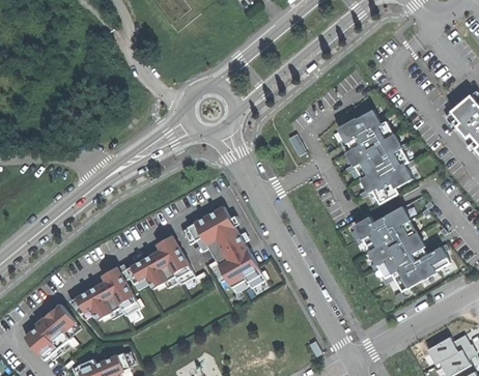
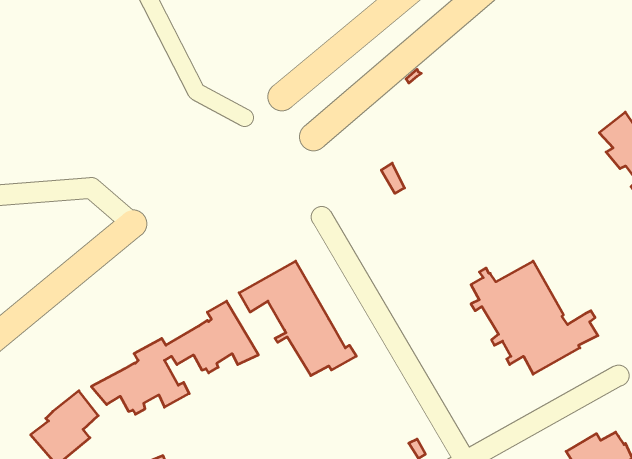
building: [337,109,415,203] -> none

